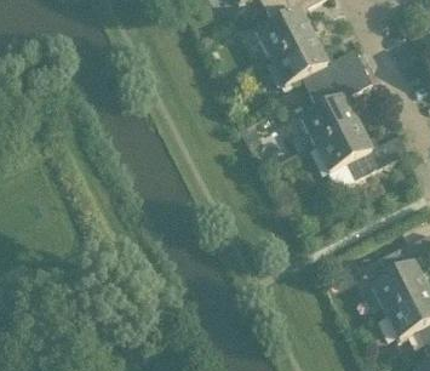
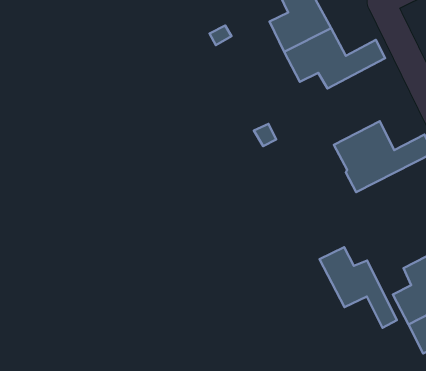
building: [300,63,372,143] -> none
building: none -> [320,247,397,328]

